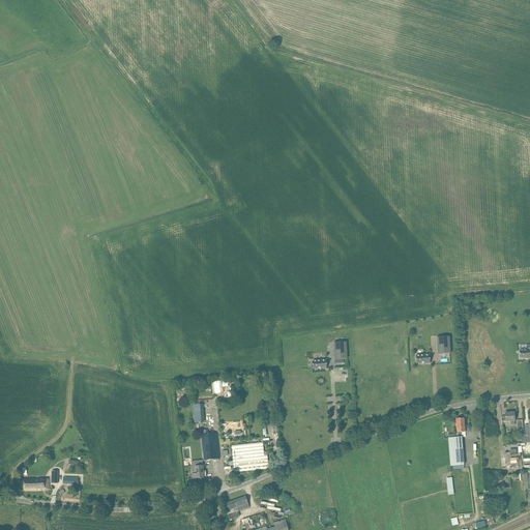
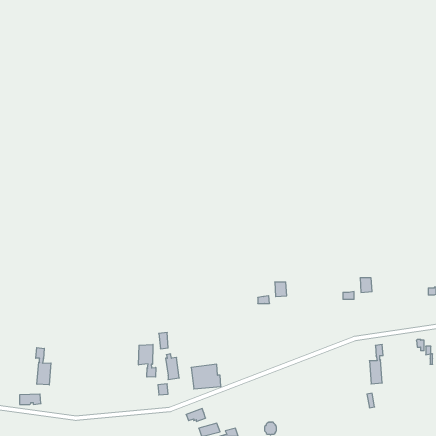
building: none -> [139,344,156,377]
building: none -> [36,348,51,385]

